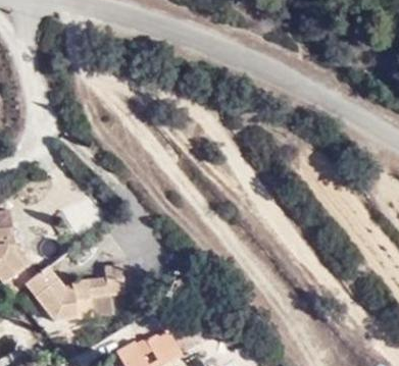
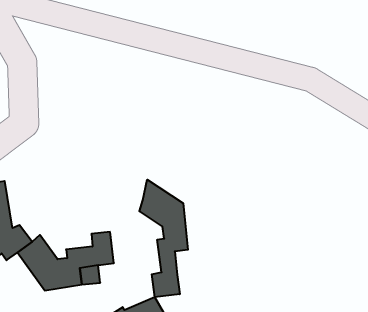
building: none -> [139,180,188,297]

